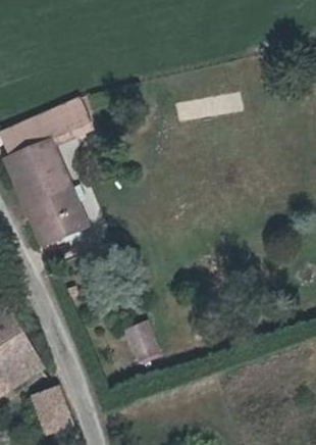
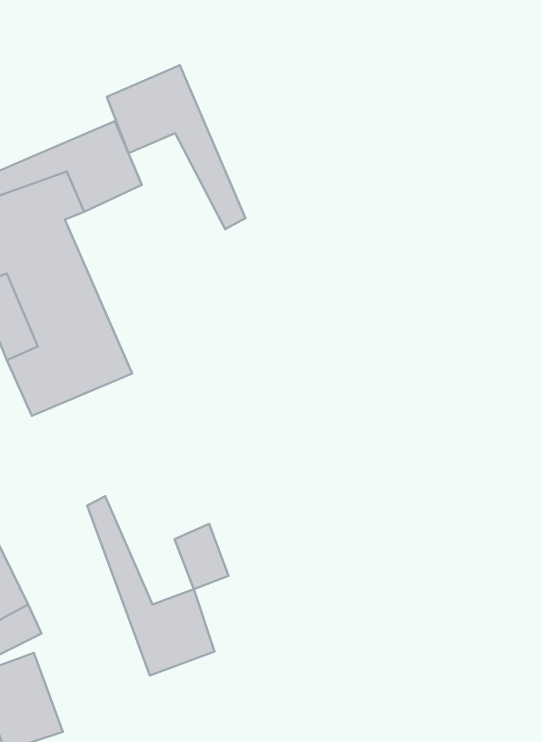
building: none -> [107,65,245,229]
building: none -> [87,496,215,676]

